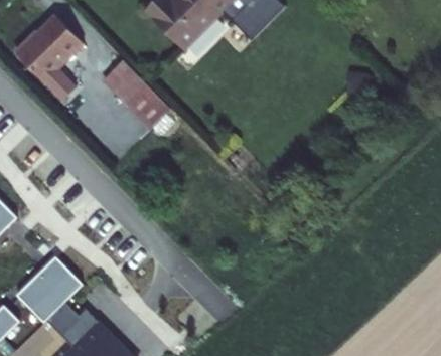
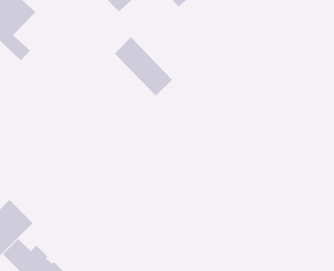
building: [104,60,170,129] -> [114,36,173,97]

